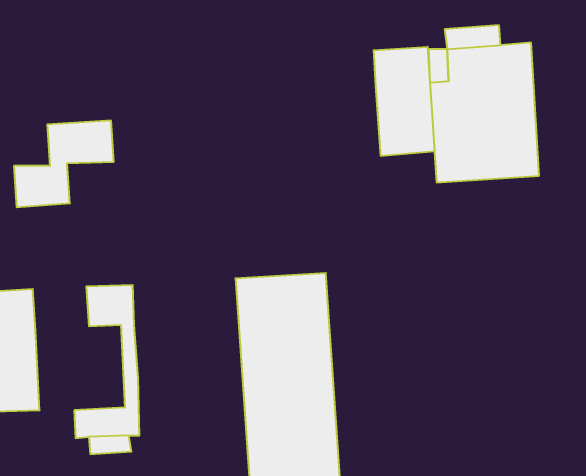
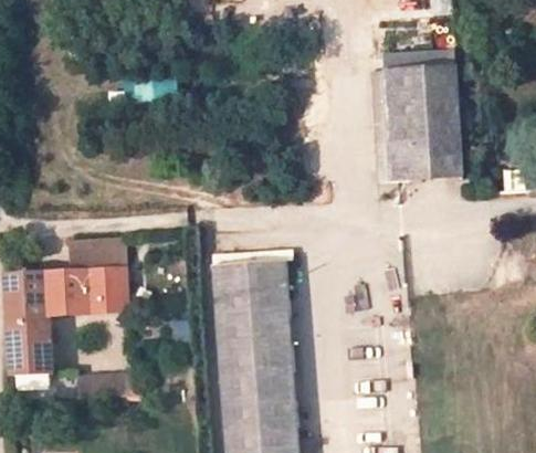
building: [374,47,434,156] -> none
building: [14,121,114,207] -> [43,236,126,308]

